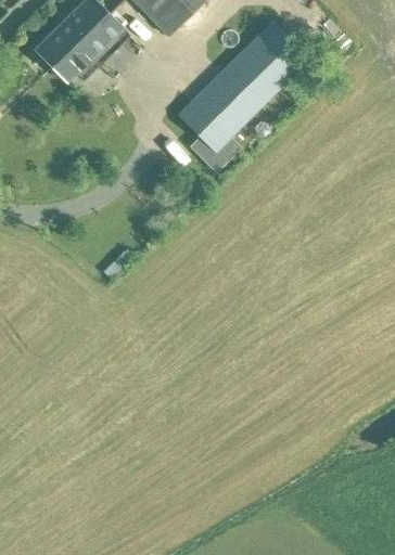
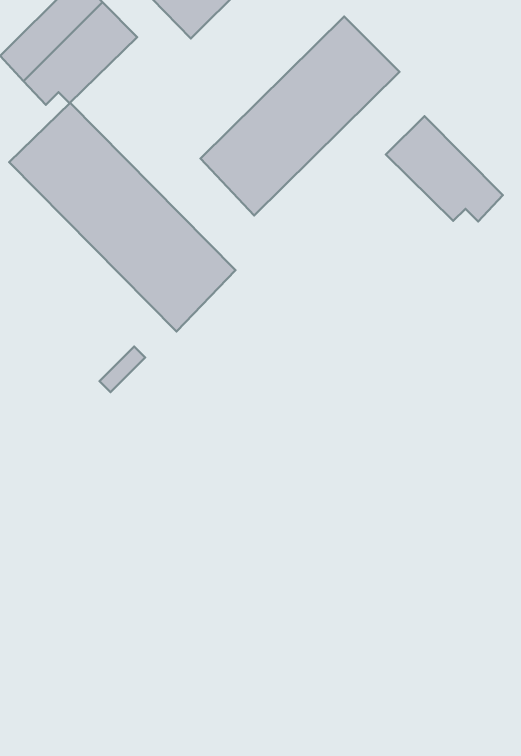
building: none -> [9,103,236,331]
building: none -> [386,116,503,221]

